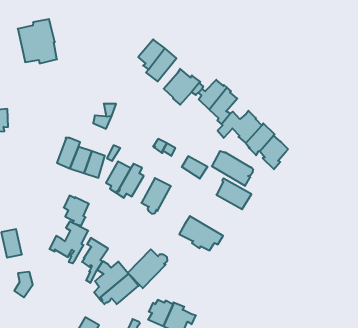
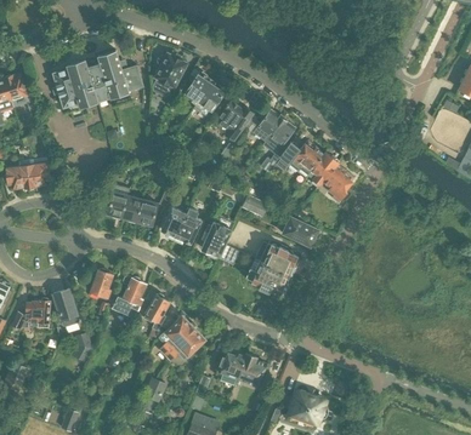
building: none -> [87,50,144,102]
building: none -> [155,52,187,86]
building: [212,151,253,186] -> [255,241,300,276]
building: [64,196,89,226] -> [87,268,114,299]
building: [128,249,167,288] -> none

